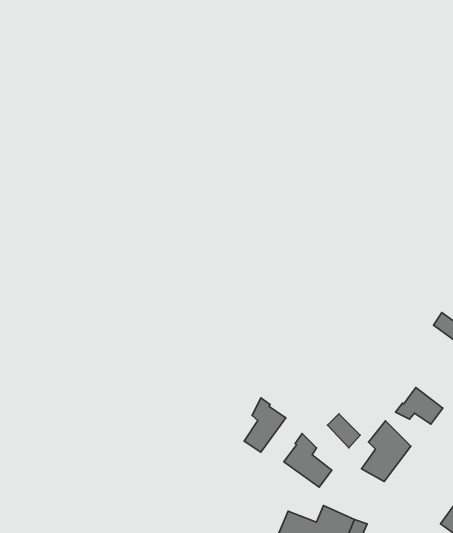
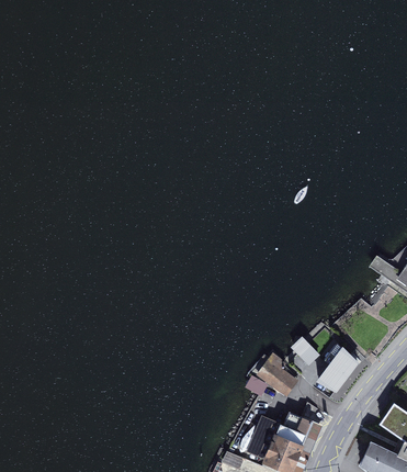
building: [395,388,443,424] -> none
building: [244,398,286,452] -> none

